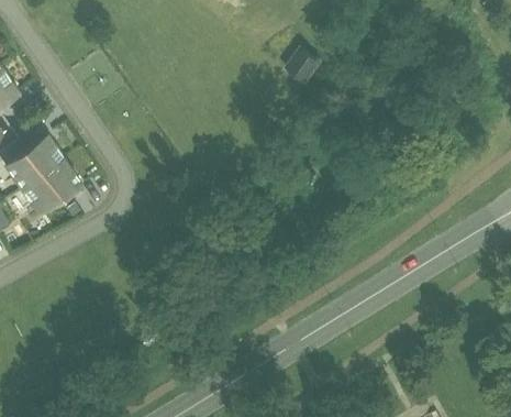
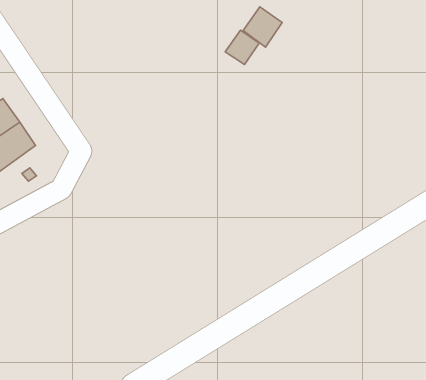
building: none -> [225,30,259,65]

